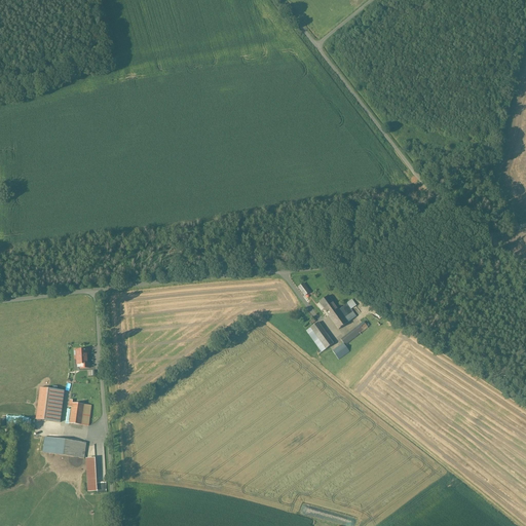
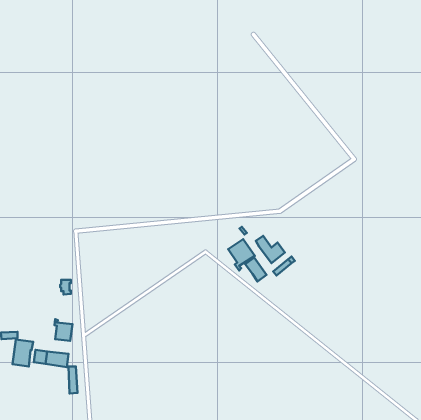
building: none -> [228,239,255,270]
building: [35,386,61,420] -> [12,339,33,367]

